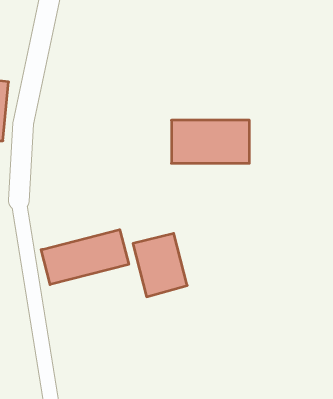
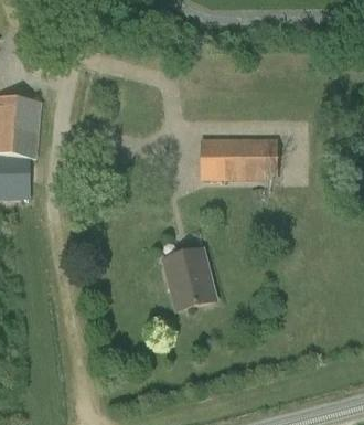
building: [41,230,129,285] -> none

